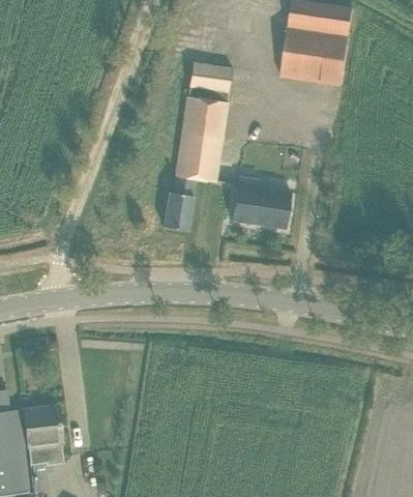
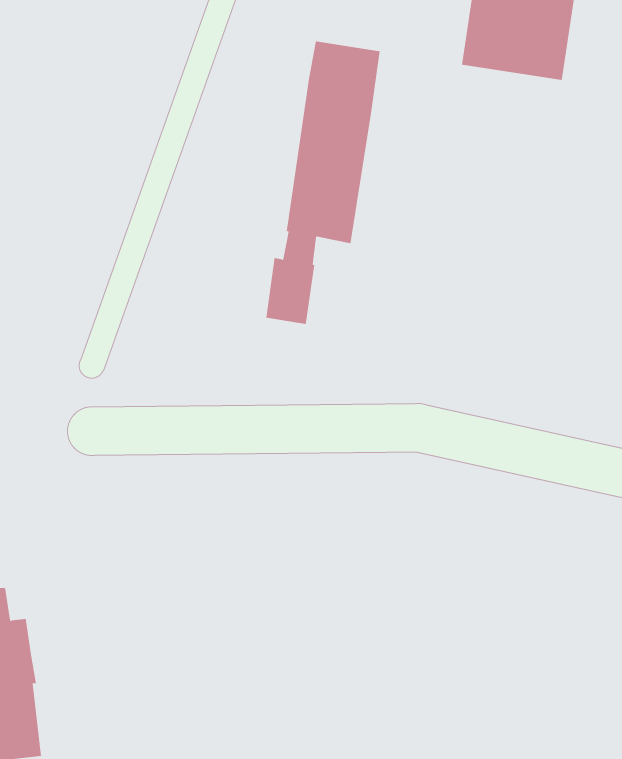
building: [231,184,291,228] -> none
building: [23,405,65,464] -> none

